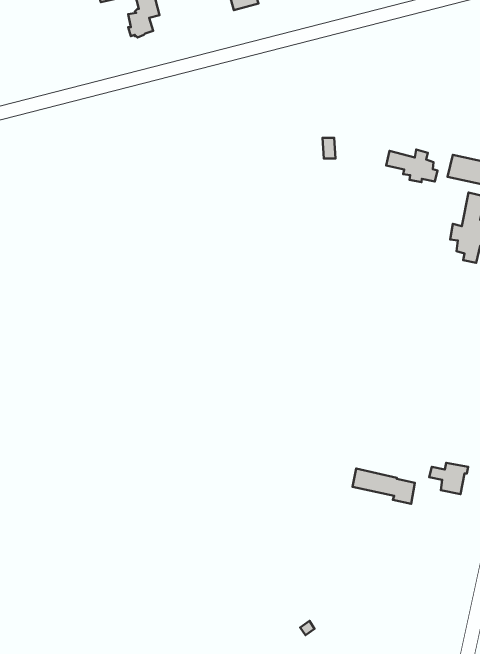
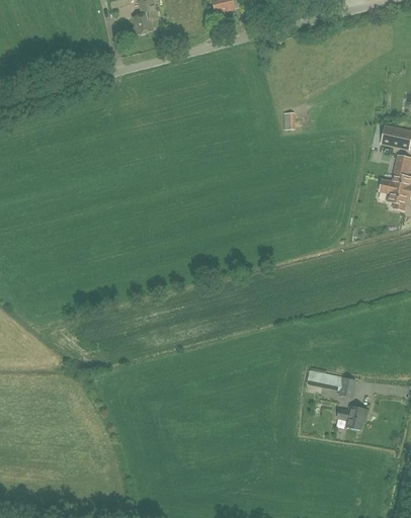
building: [386,149,438,182] -> none
building: [429,463,468,494] -> [337,405,367,429]

